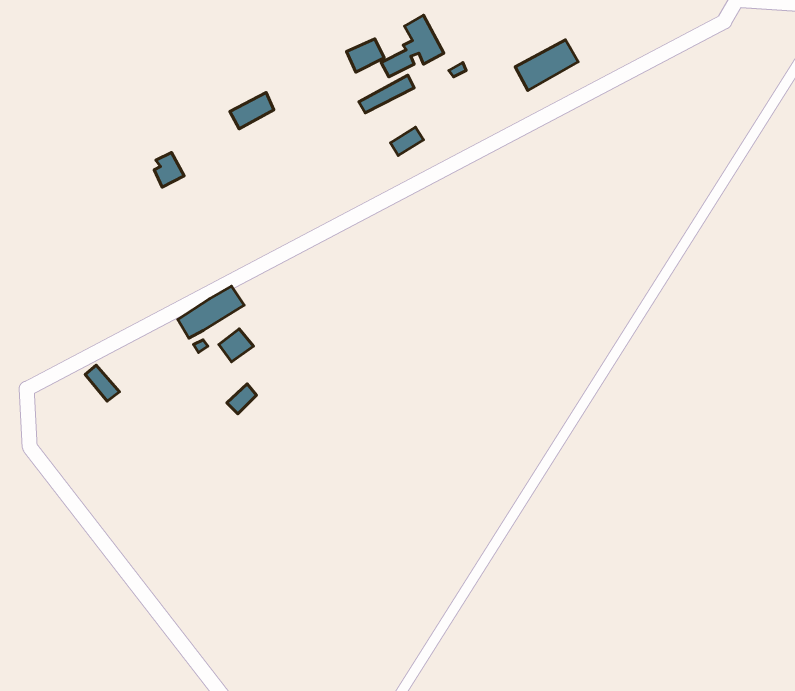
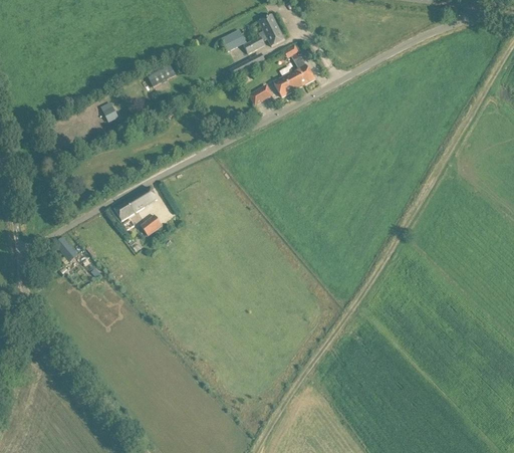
building: [515,40,578,90] -> [274,64,314,96]

